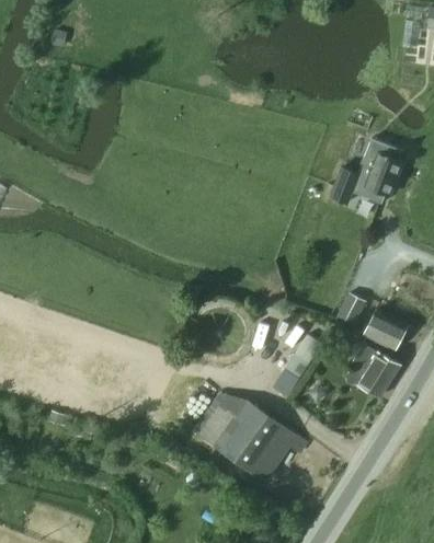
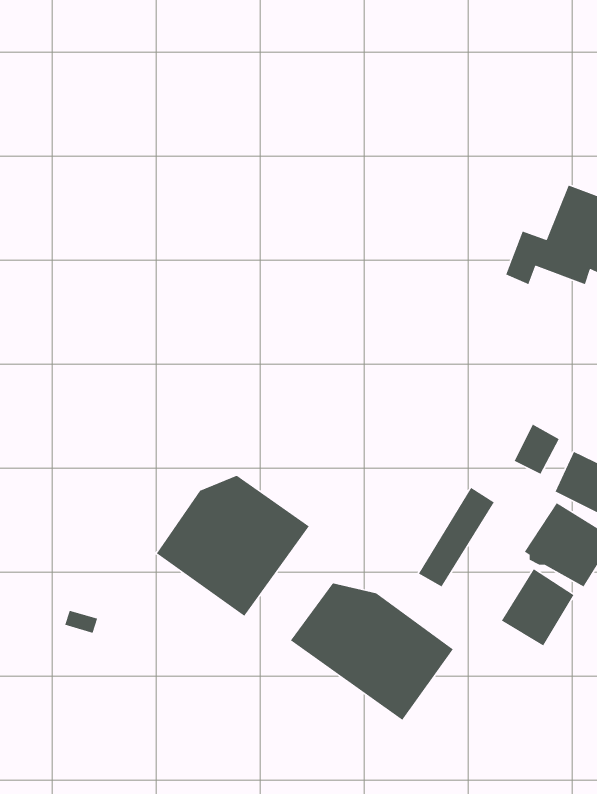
building: none -> [156,475,310,617]
building: none -> [501,568,575,647]

